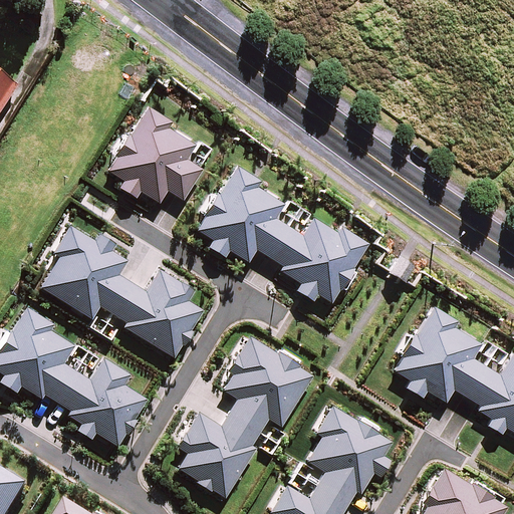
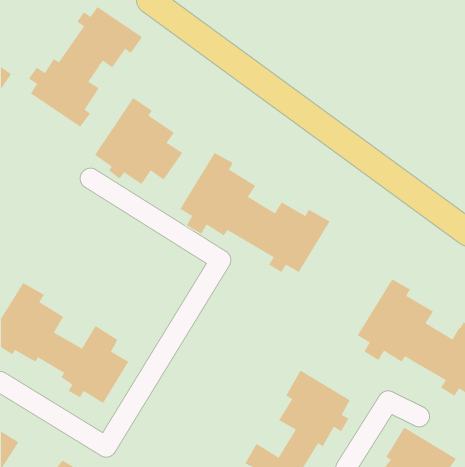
building: none -> [28,6,143,128]
building: [43,225,205,356] -> none
building: [178,339,309,494] -> none

